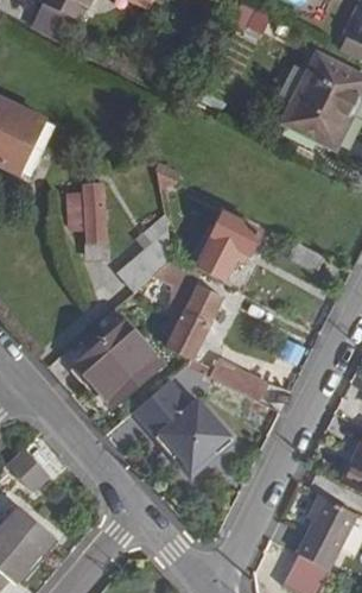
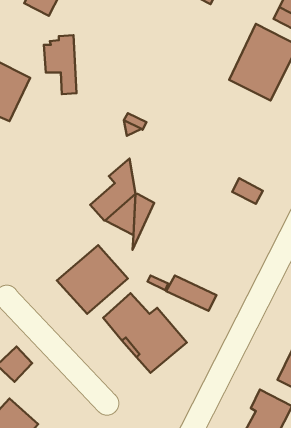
building: [66,185,106,257] -> [44,35,76,94]
building: [198,213,260,277] -> none
building: [167,286,221,357] -> none

